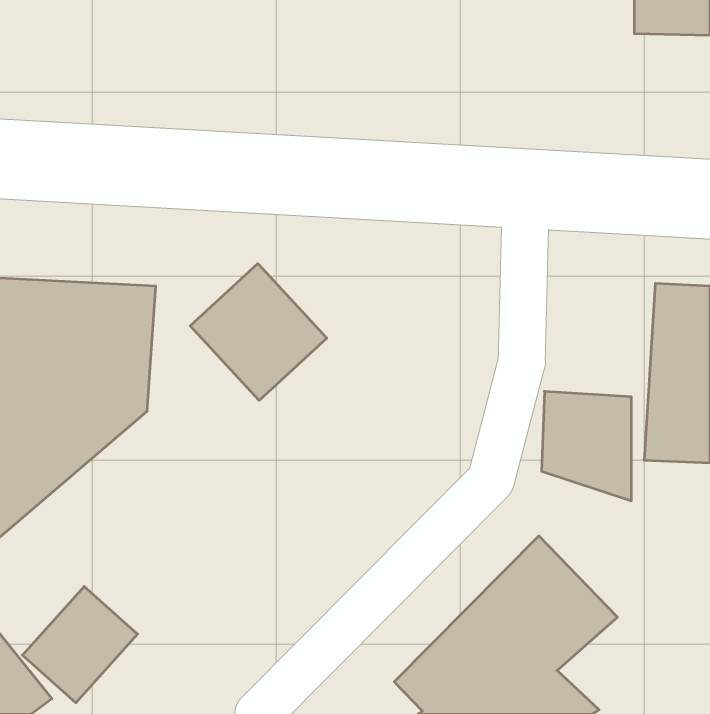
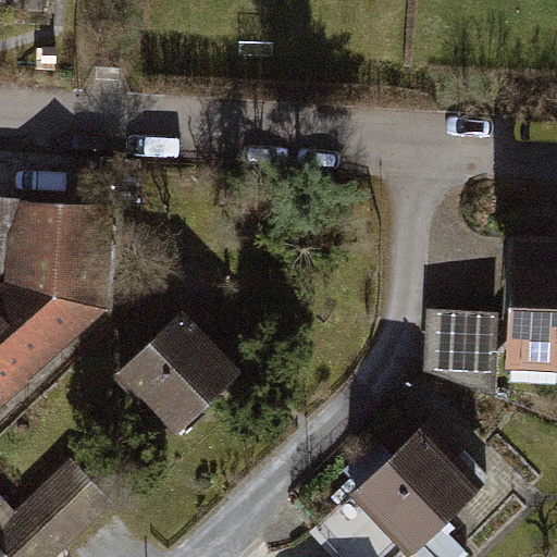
building: [190,264,327,400] -> none
building: none -> [122,319,260,457]

